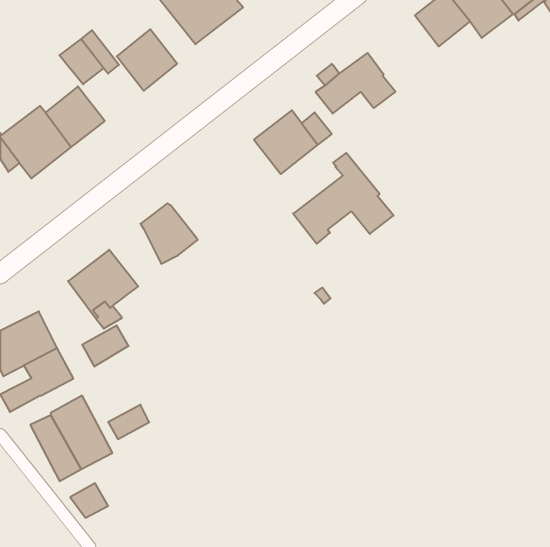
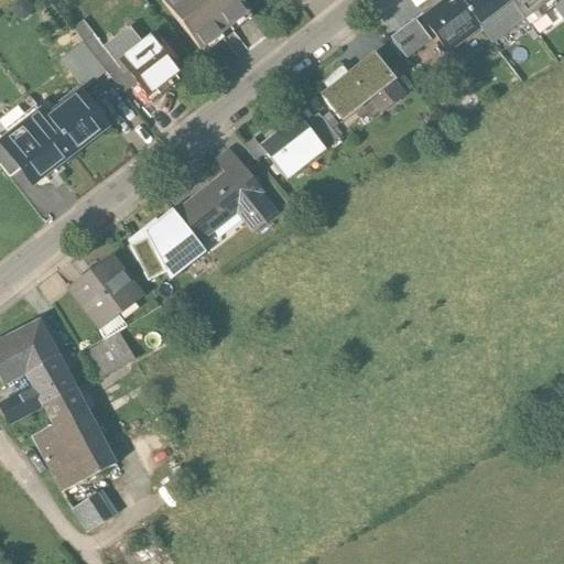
building: none -> [392,15,433,55]
building: [293,153,394,244] -> [176,148,279,240]
building: none -> [132,234,166,278]
building: [108,405,149,439] -> [44,386,86,421]

